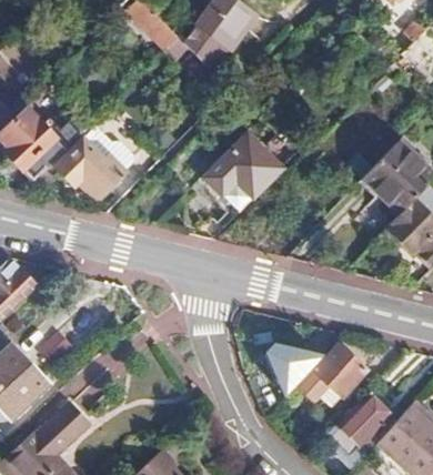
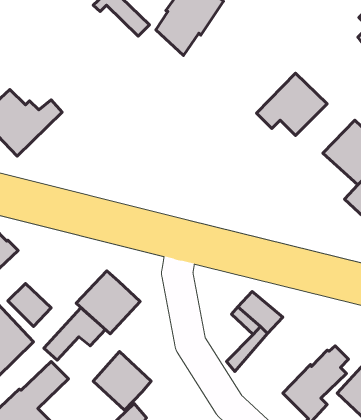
building: [211,130,288,198] -> [256,73,327,136]
building: [56,139,125,199] -> none
building: none -> [76,271,140,334]
building: [301,342,381,401] -> none
building: none -> [93,351,151,410]

